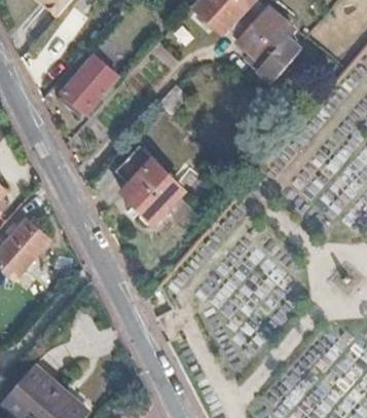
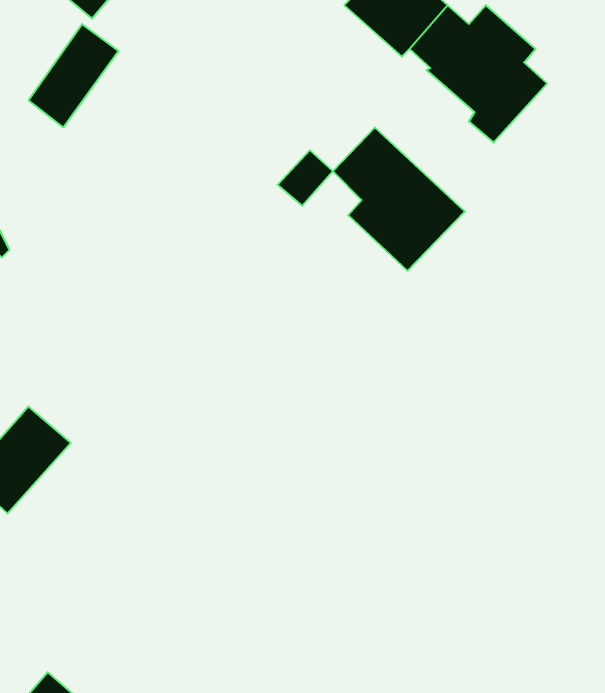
building: [62,59,115,112] -> none
building: [113,145,184,222] -> [333,127,465,271]

